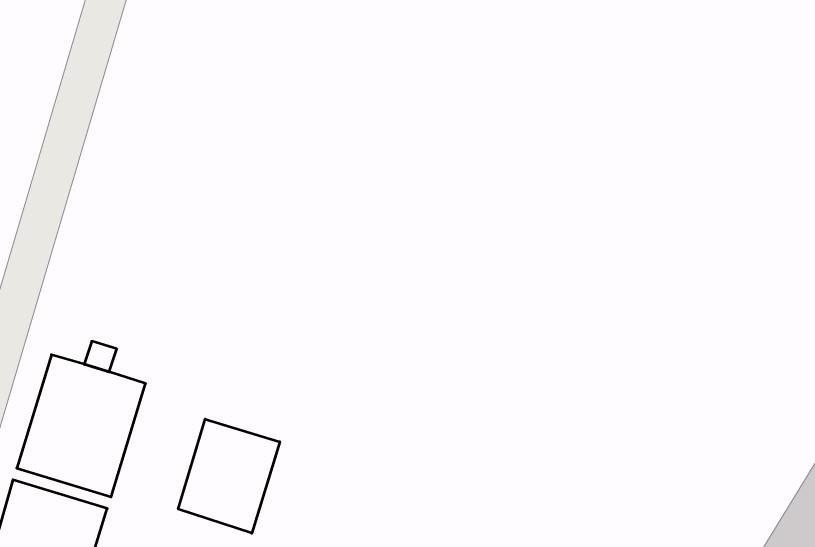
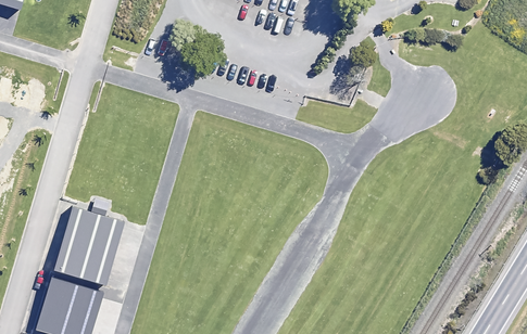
building: [178,419,280,533] -> none

